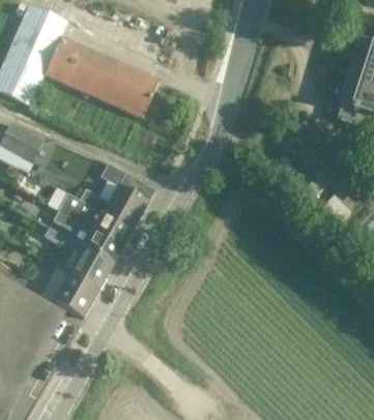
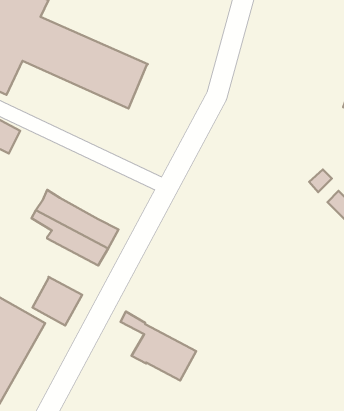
building: [78,161,148,228] -> none
building: [44,224,113,288] -> [120,312,196,381]

